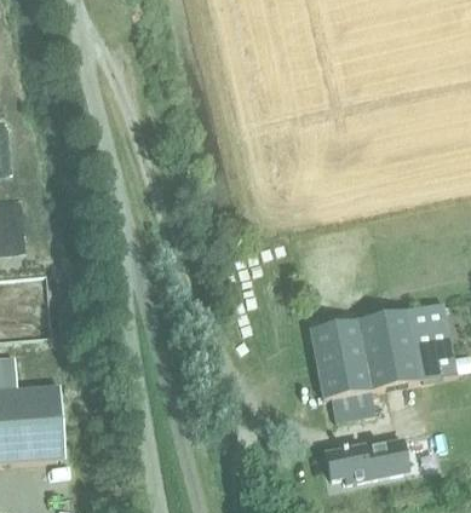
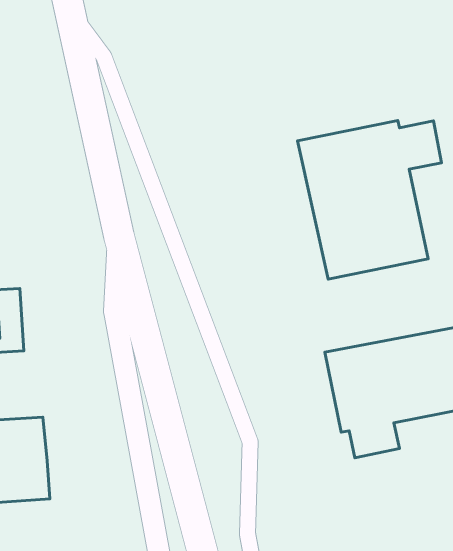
building: none -> [298,120,442,279]
building: [326,439,408,483] -> none

